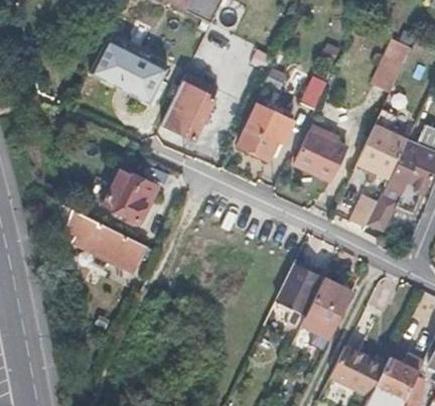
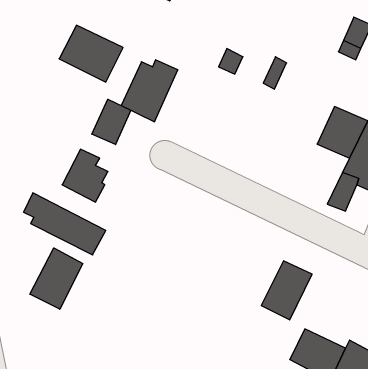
building: [237,106,292,160] -> none
building: none -> [92,99,131,145]
building: [296,133,345,180] -> none
building: [275,263,321,305] -> none
building: none -> [30,248,83,309]

